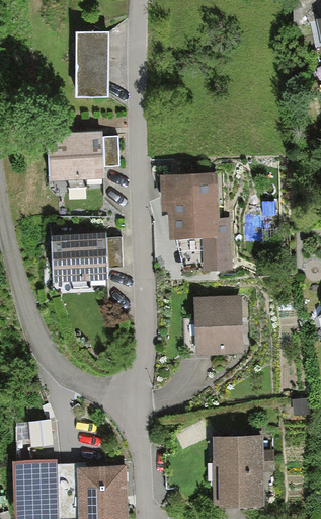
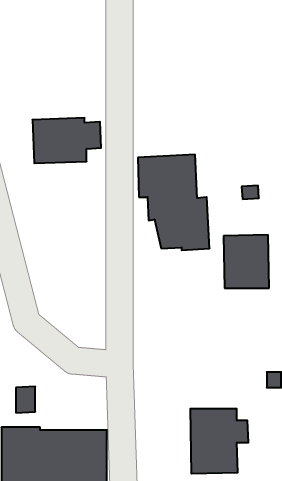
building: [77,33,107,98] -> none
building: [54,233,122,281] -> none
building: [194,298,242,354] -> [224,235,269,288]

